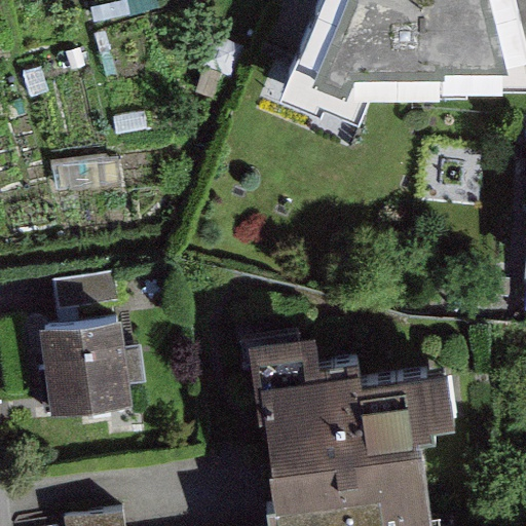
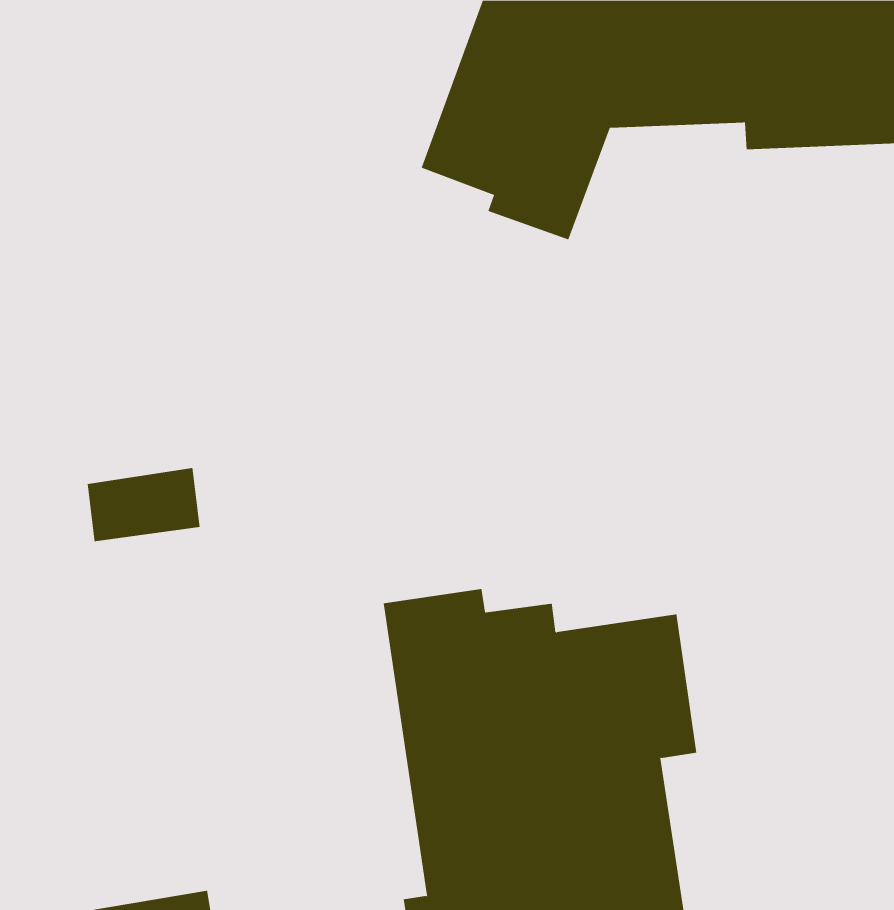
building: [25,316,130,416] -> none

